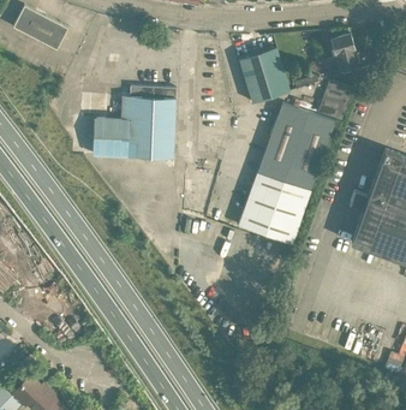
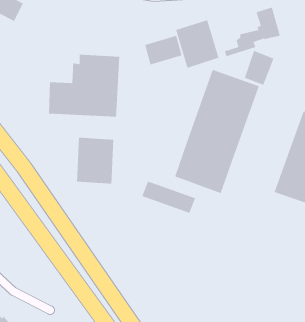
building: none -> [144,35,183,66]
building: none -> [76,137,114,185]
building: none -> [141,181,196,214]

